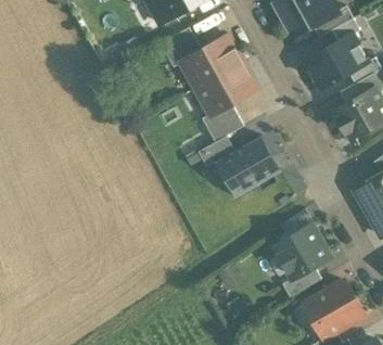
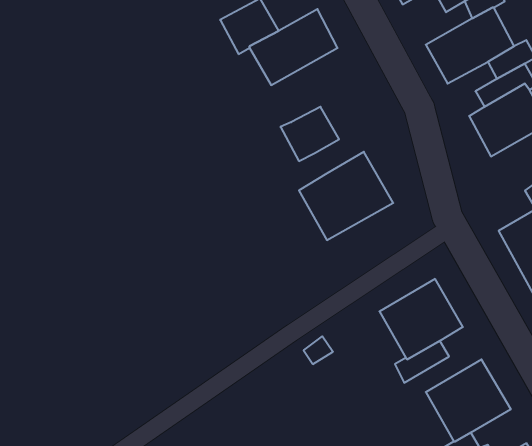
building: [196,63,258,115] -> none
building: [199,137,235,167] -> none

